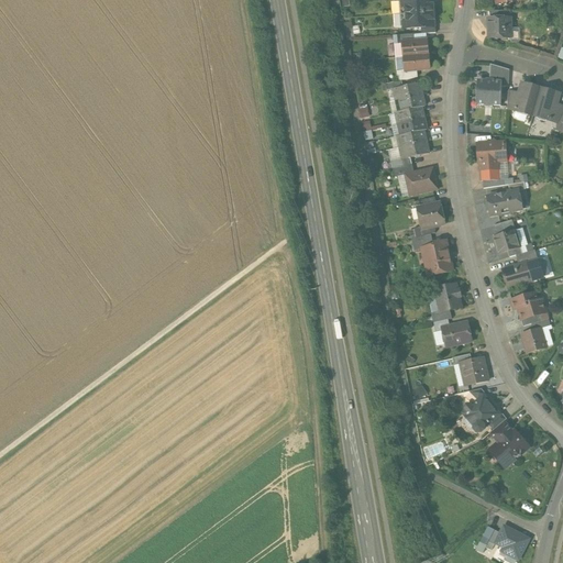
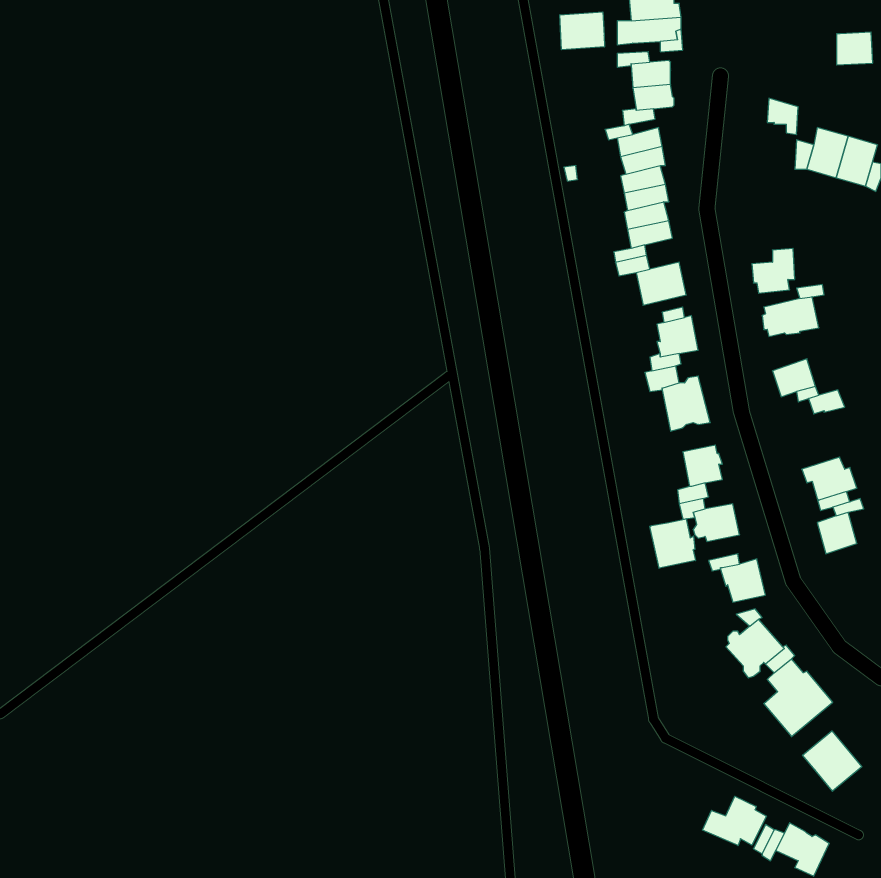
building: none -> [560,12,604,50]
building: [488,16,511,37] -> [837,32,873,65]
building: [476,78,501,104] -> none
building: [478,139,506,168] -> none
building: [504,262,531,286] -> none
building: none -> [650,519,695,568]
building: none -> [803,731,862,791]
building: none -> [703,796,766,846]

